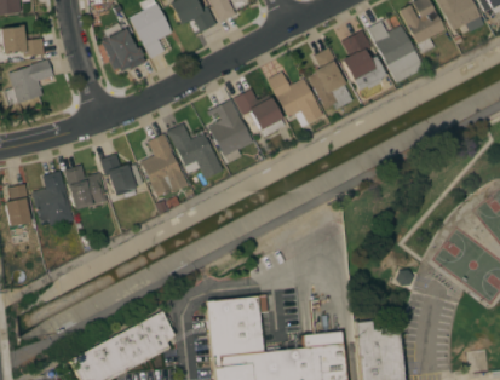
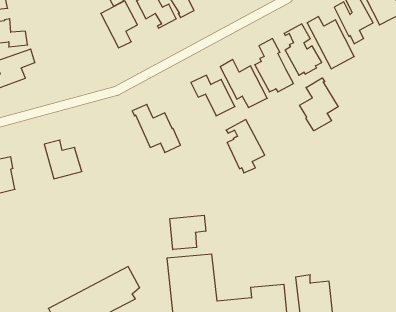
building: [102,22,146,70] -> none
building: none -> [300,78,338,131]
building: [207,99,252,161] -> [226,120,265,173]
building: [140,133,188,195] -> none
building: [100,152,143,197] -> none
building: [31,169,74,225] -> none
building: none -> [170,215,206,250]

